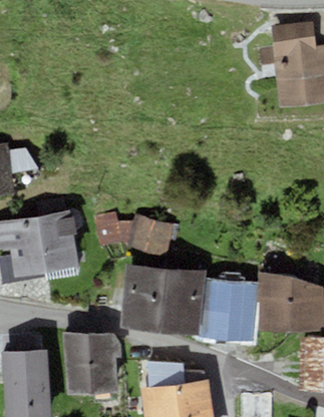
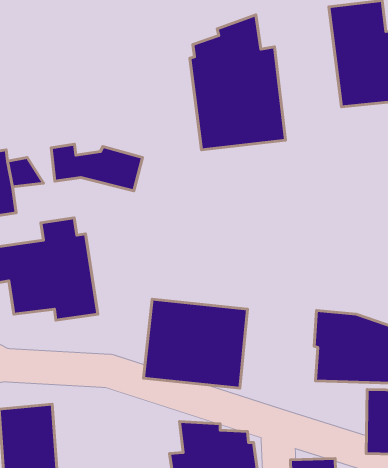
building: none -> [190,15,285,150]
building: [97,215,172,253] -> [51,144,143,191]
building: [202,280,256,341] -> none
building: [63,333,121,393] -> none

